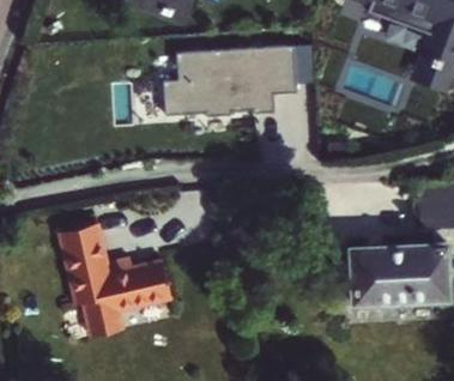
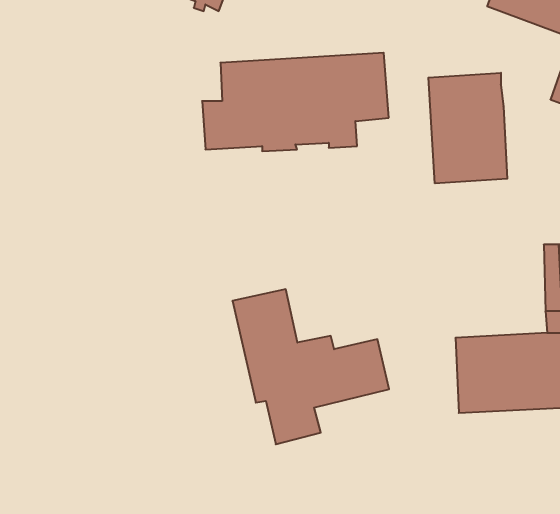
building: none -> [428,73,507,183]
building: [57,226,170,338] -> [232,289,389,444]

